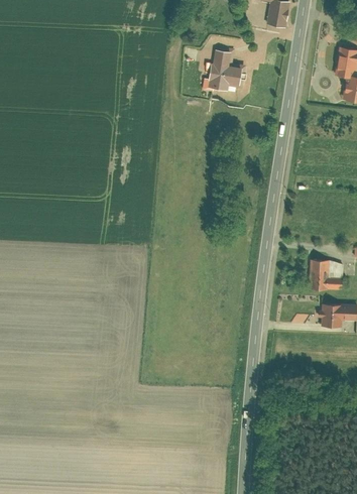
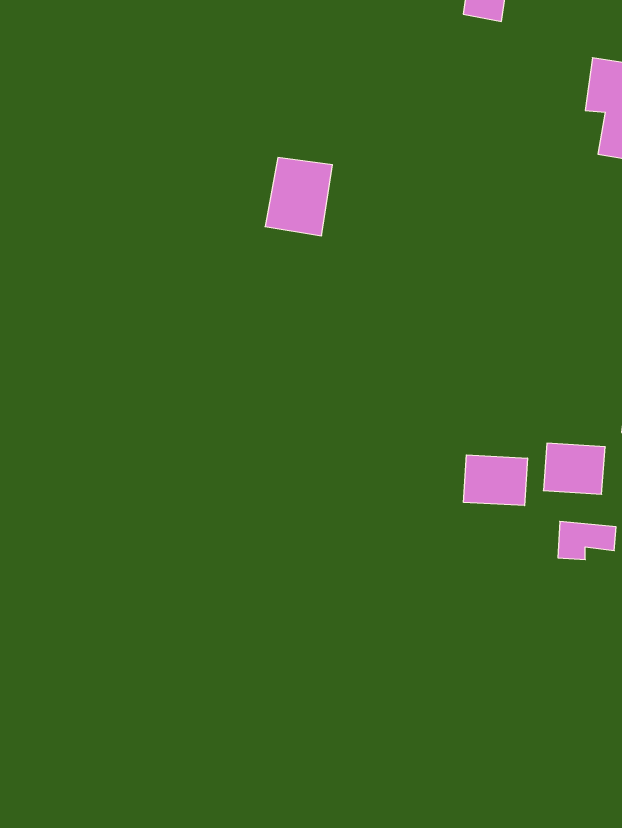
building: [205,49,242,93] -> [265,158,332,236]
building: none -> [464,455,527,506]

